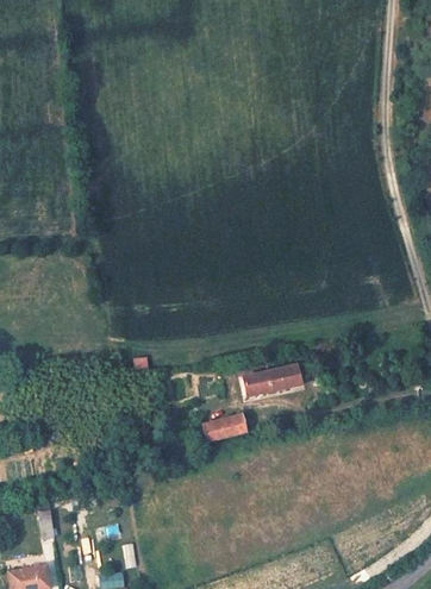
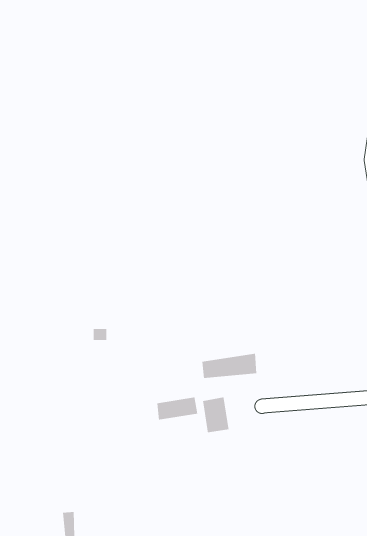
building: none -> [203,396,229,433]

